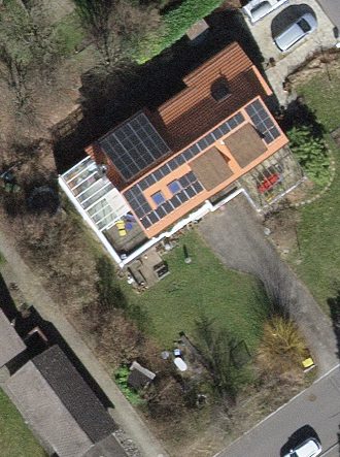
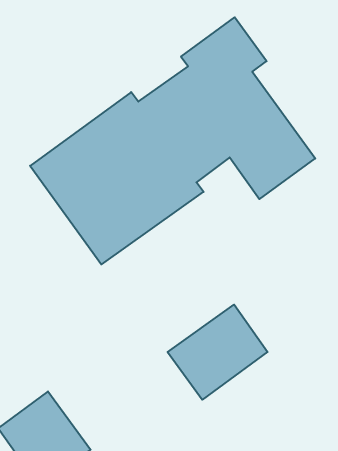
building: none -> [168,305,268,400]

